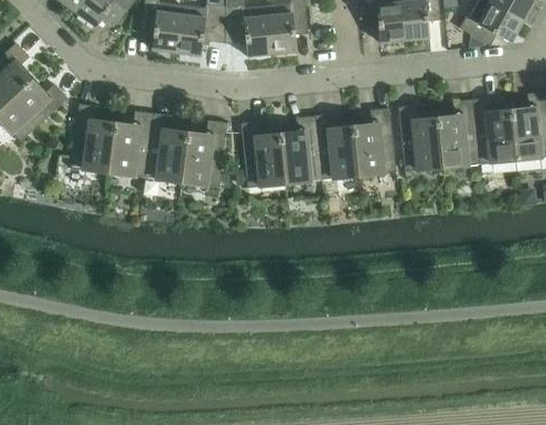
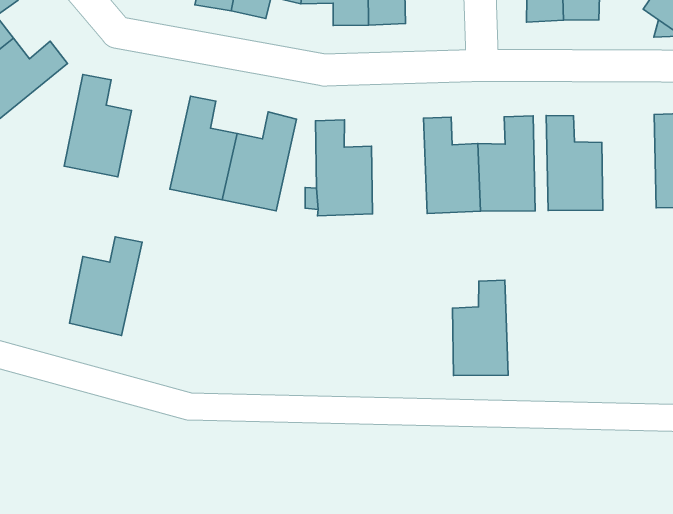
building: [438,98,479,167] -> none
building: [108,109,153,177] -> [69,237,142,335]
building: [280,114,322,182] -> [453,280,508,376]

